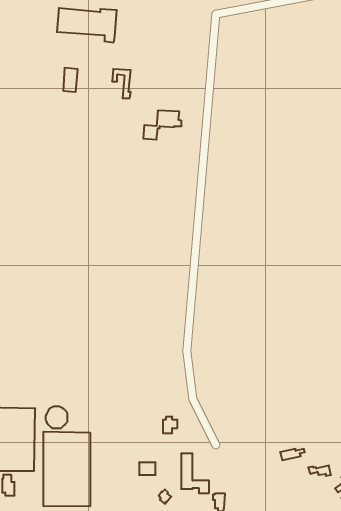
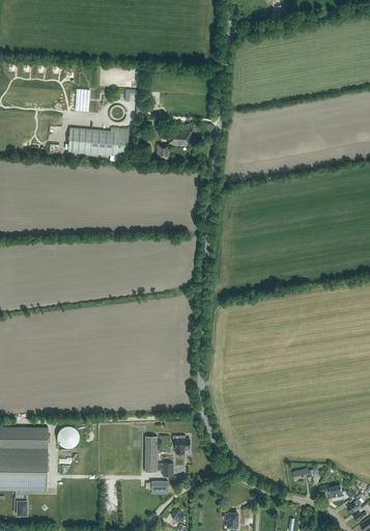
building: [57,8,117,42] -> [67,128,127,162]
building: [44,432,90,506] -> none
building: [181,454,209,493] -> [144,436,172,475]

